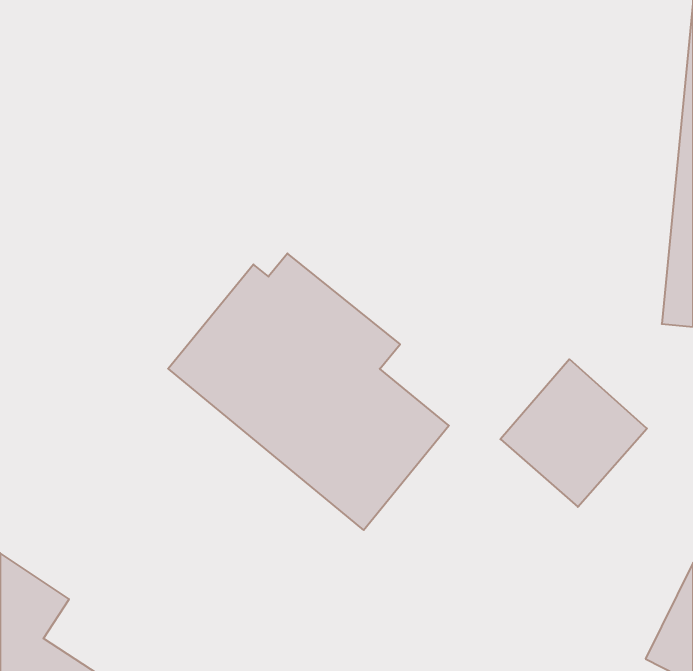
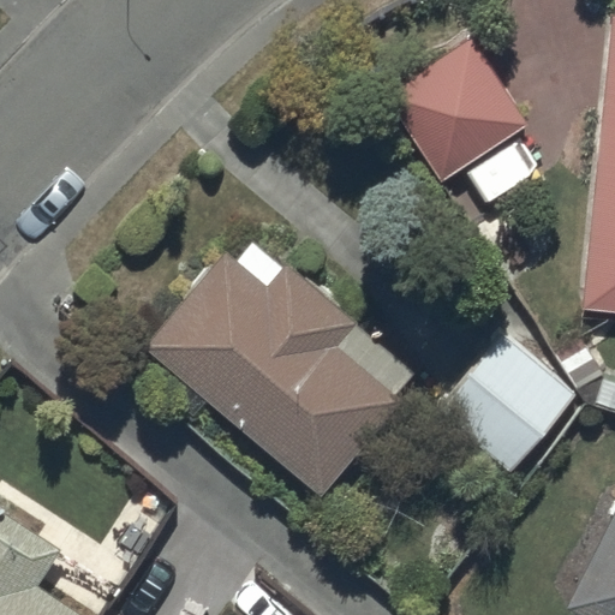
building: none -> [387,42,529,181]

